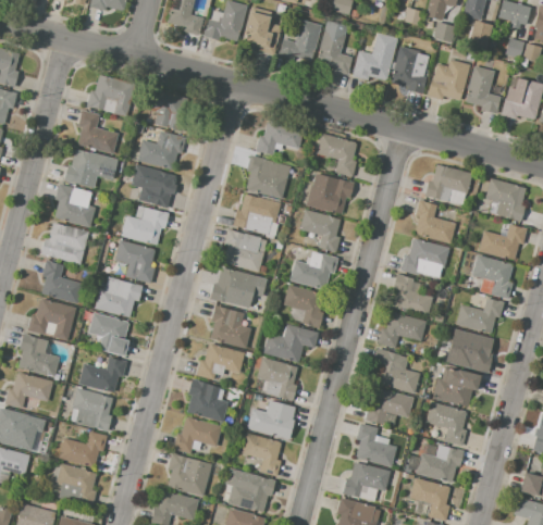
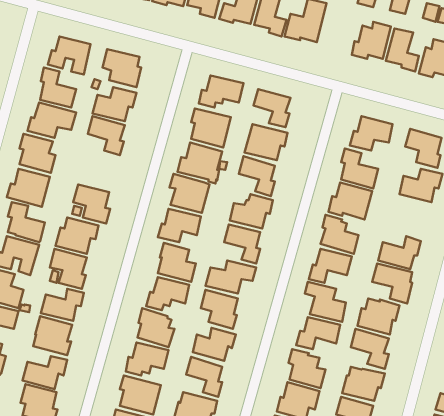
building: [391,46,428,95] -> none
building: [121,205,169,245] -> none
building: [472,255,513,299] -> none

